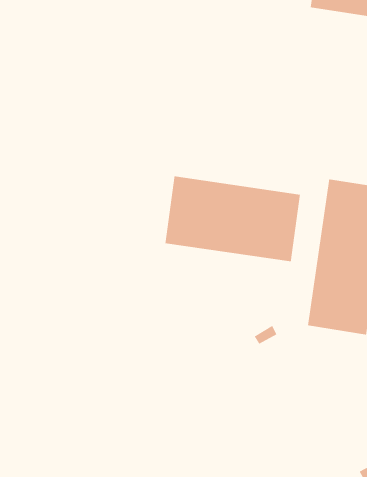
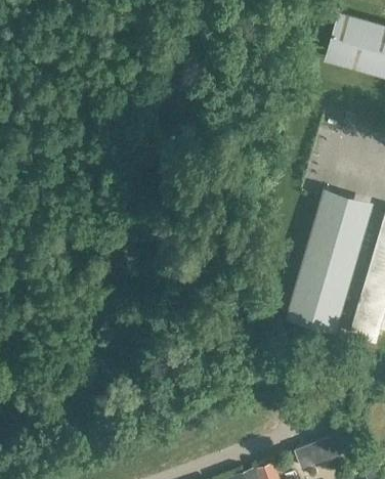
building: [165,176,300,262] -> none

